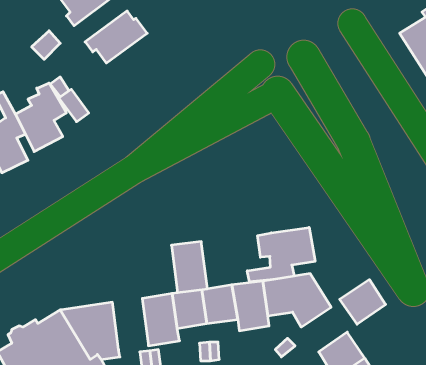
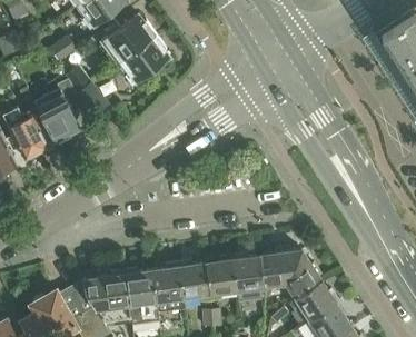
building: none -> [118,36,168,86]
building: [247,227,315,282] -> none
building: [171,242,207,293] -> [123,272,156,318]
building: [340,280,386,324] -> [293,280,334,320]

